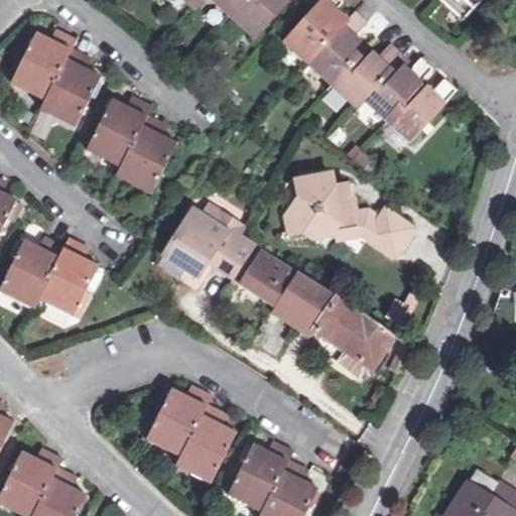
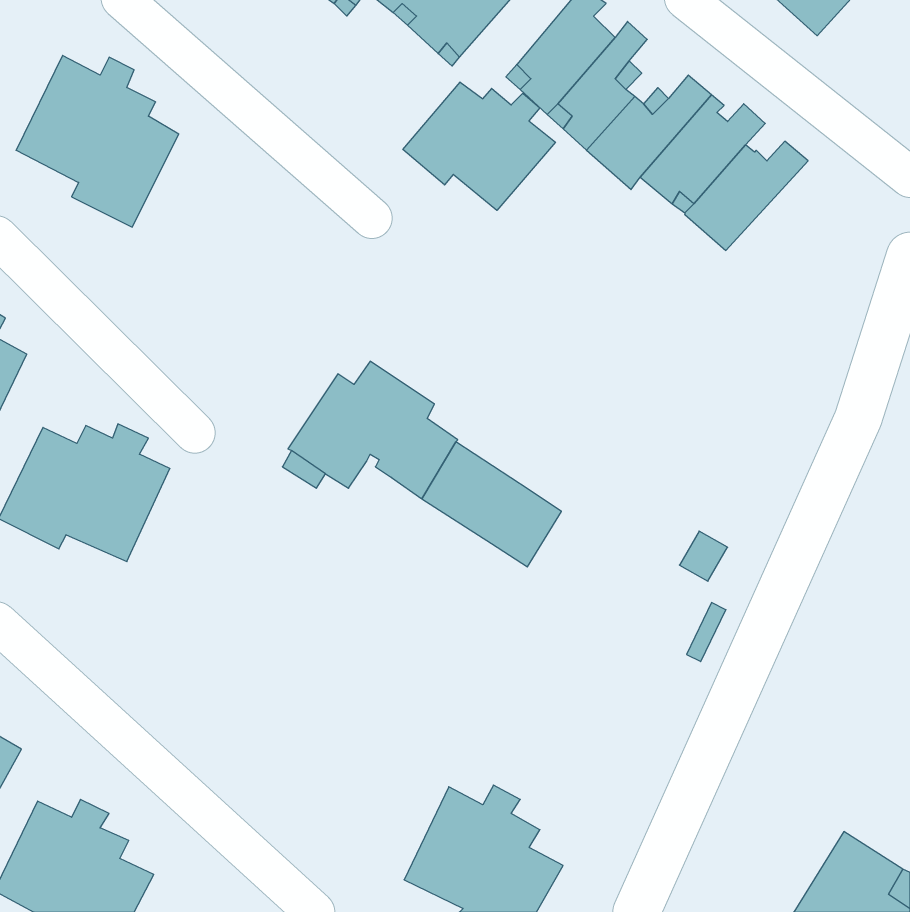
building: none -> [403,82,555,210]
building: [85,99,176,195] -> none
building: [285,173,411,256] -> none
building: [297,288,396,369] -> none
building: [145,388,235,483] -> none

